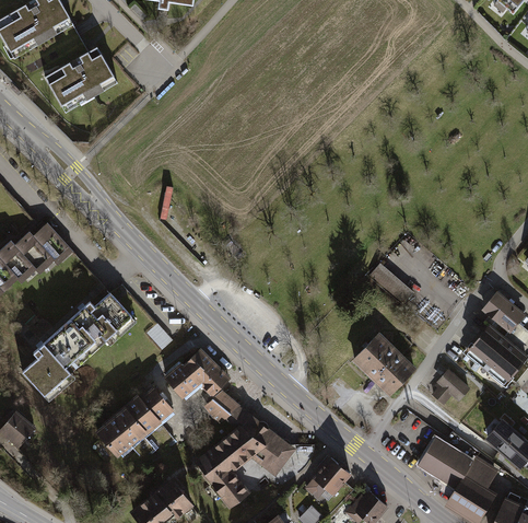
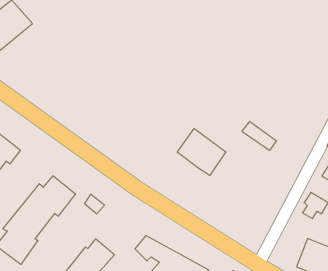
building: [351,330,415,396] -> [177,128,226,175]
building: [163,348,230,399] -> none

